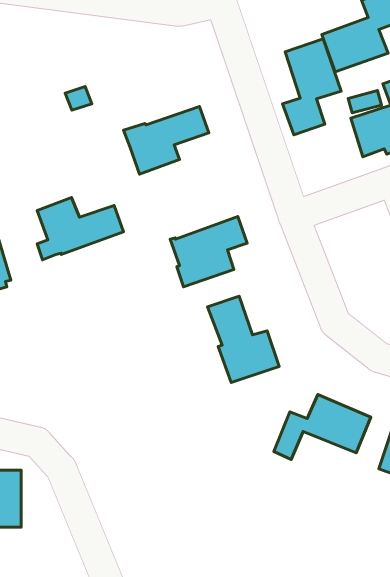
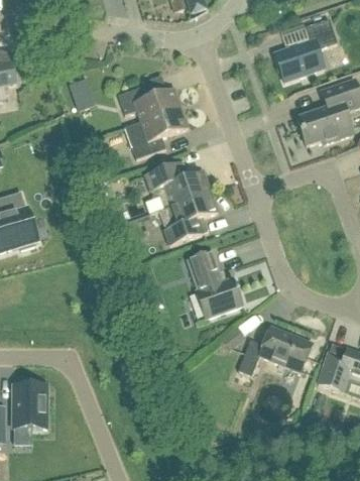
building: [282,39,341,135] -> none
building: none -> [118,85,182,121]
building: [37,197,123,260] -> [145,164,211,212]

